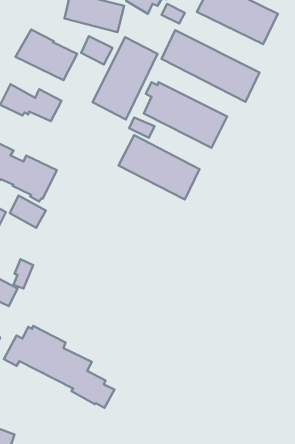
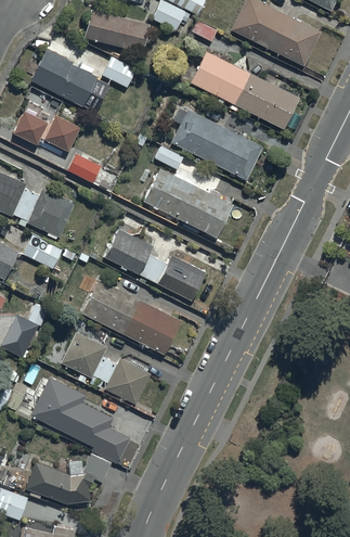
building: [93,37,158,120] -> none
building: none -> [67,153,111,190]
building: none -> [104,227,205,301]
building: none -> [81,279,181,354]
building: none -> [61,332,151,405]
building: none -> [25,453,112,503]

